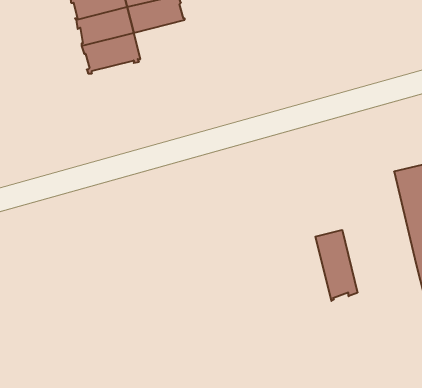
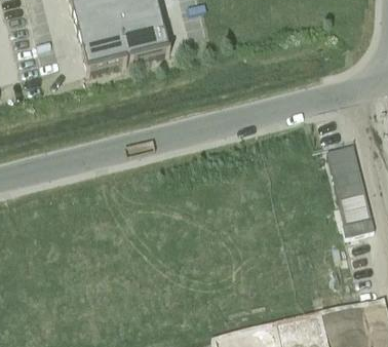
building: none -> [123,26,170,57]
building: [315,230,357,301] -> none

